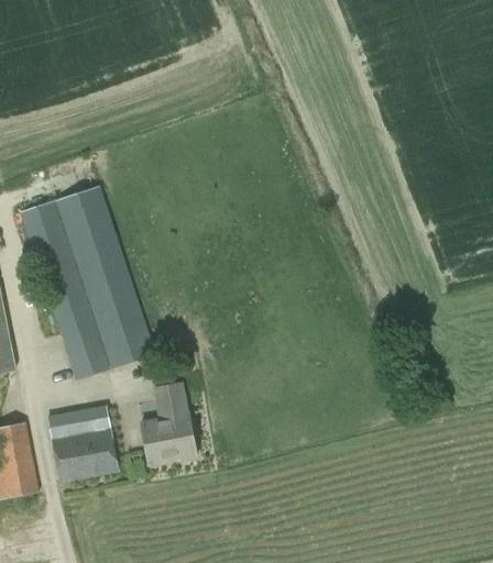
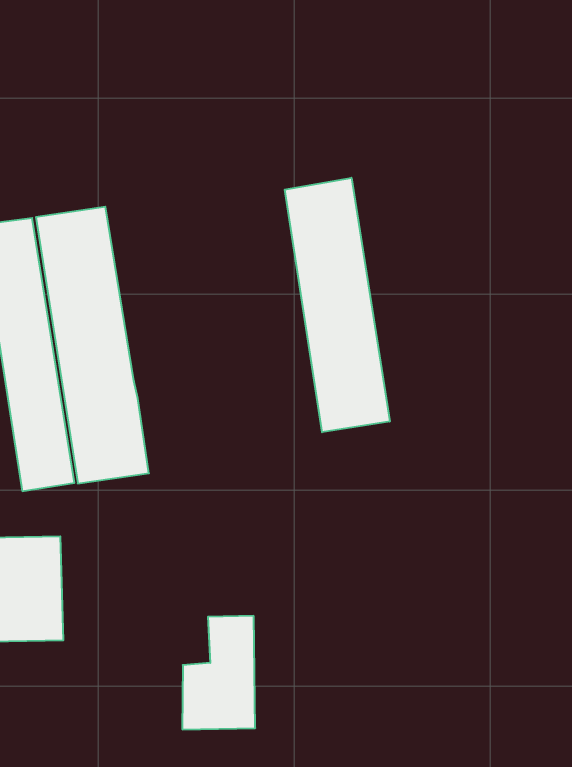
building: none -> [285,178,390,432]
building: [142,383,196,464] -> [182,616,255,729]

